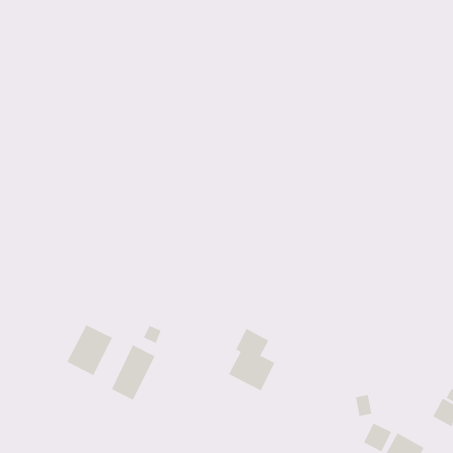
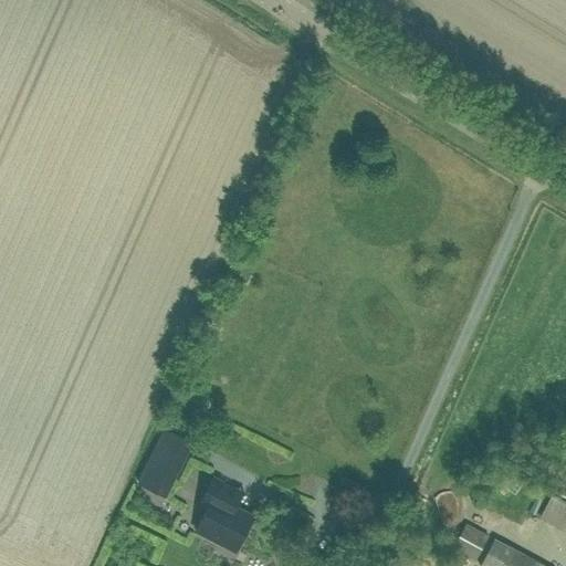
building: [66,325,113,376] -> none
building: [228,328,275,391] -> [192,474,251,553]

